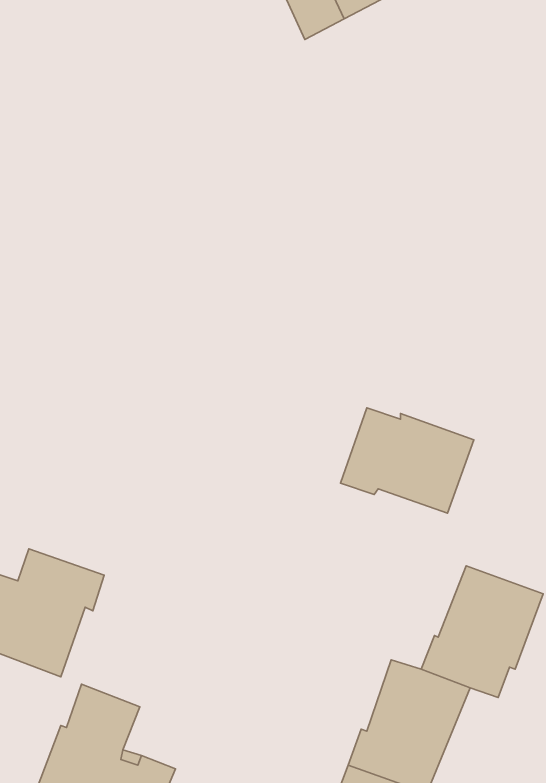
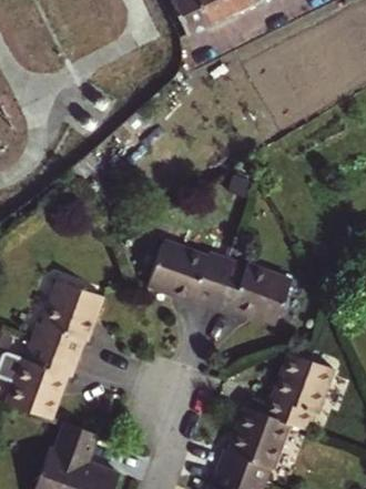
building: none -> [151,238,230,302]
building: none -> [30,278,101,356]

